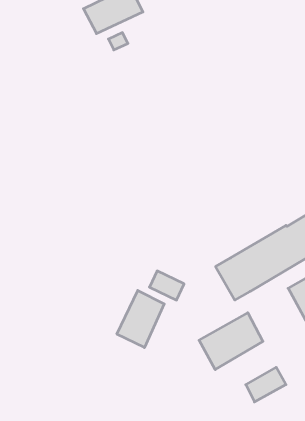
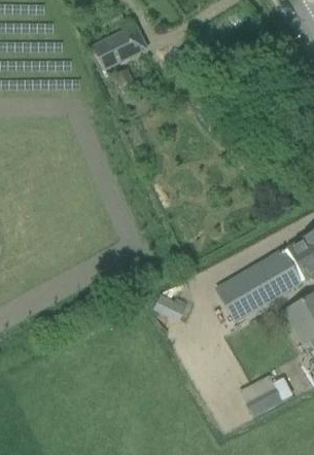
building: [117,290,164,348] -> none
building: [199,313,263,370] -> none

